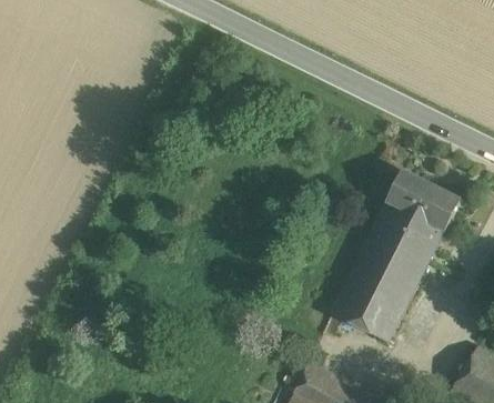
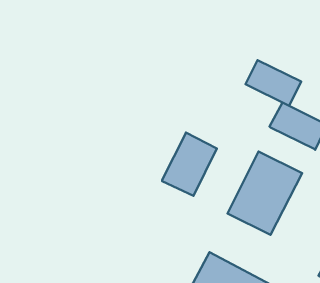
building: [372,201,444,260] -> [245,60,301,106]
building: none -> [162,133,217,196]

